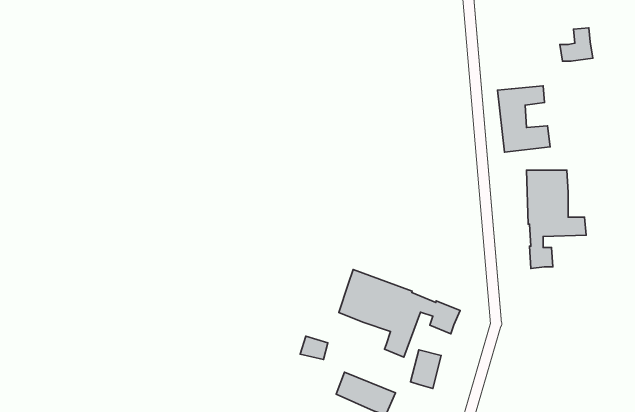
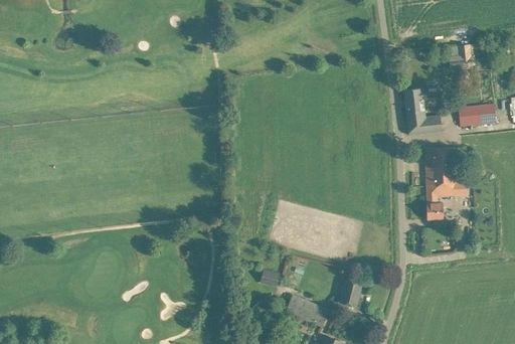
building: none -> [460,106,496,126]
building: [339,270,460,357] -> none

